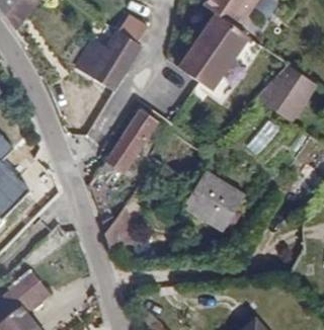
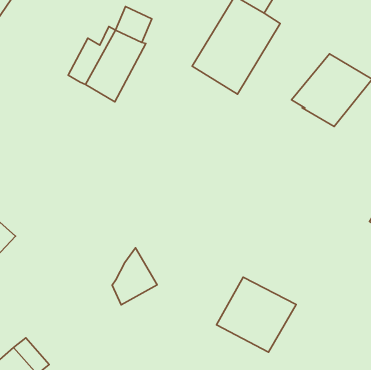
building: [106,109,159,173] -> none
building: [182,170,246,231] -> [217,277,296,352]

